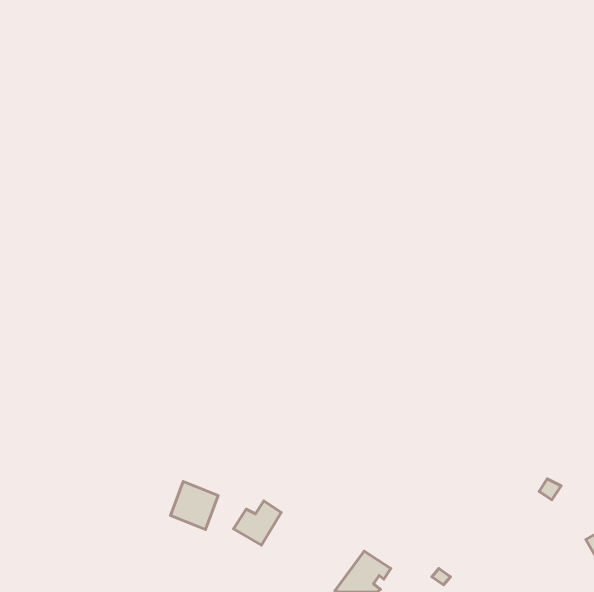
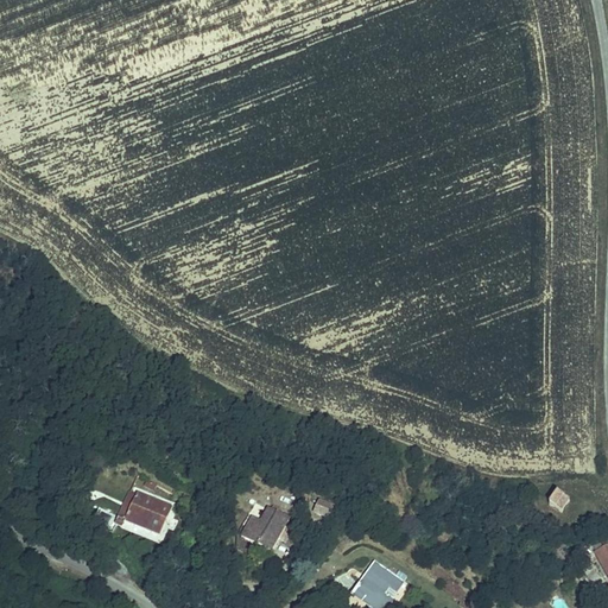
building: [170,482,218,530] -> [122,484,171,533]

